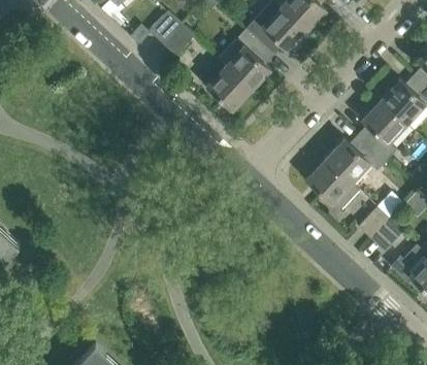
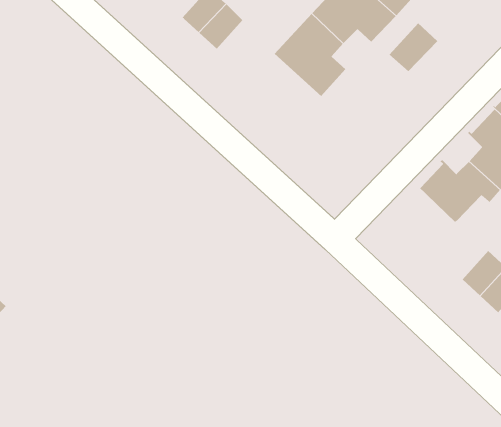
building: none -> [388,22,438,72]
building: [199,60,253,111] -> none
building: [304,158,360,211] -> none

